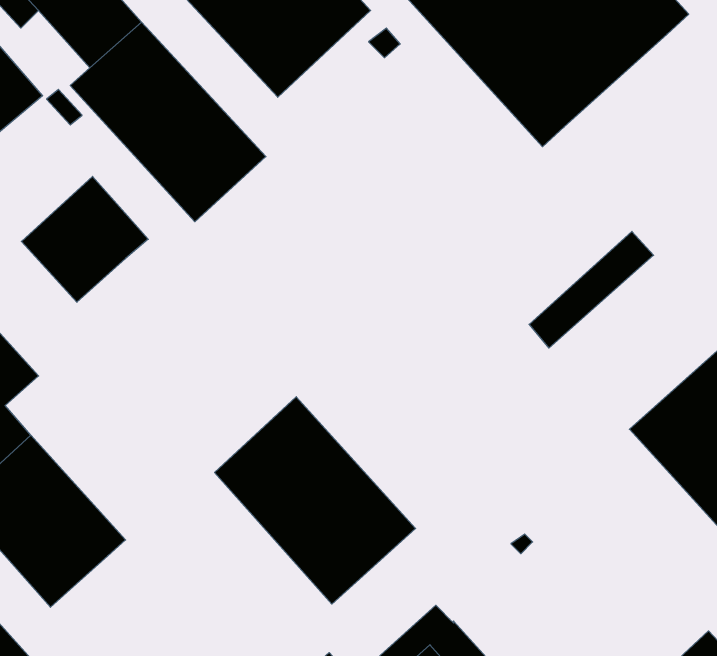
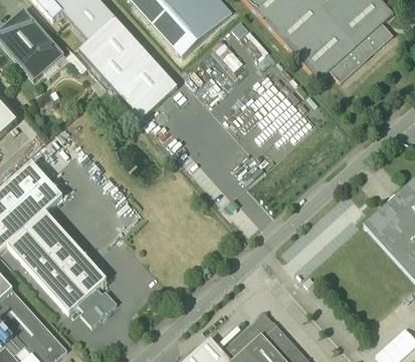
building: [21,176,148,302] -> none
building: [529,231,654,348] -> [330,22,393,81]
building: [215,397,416,604] -> none
building: none -> [78,287,118,325]

